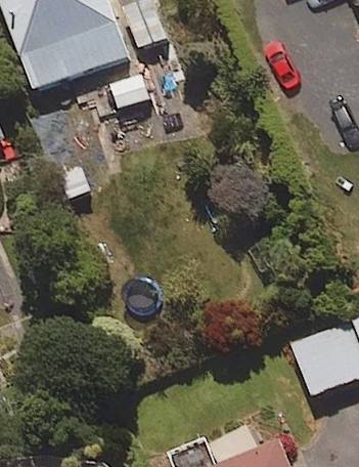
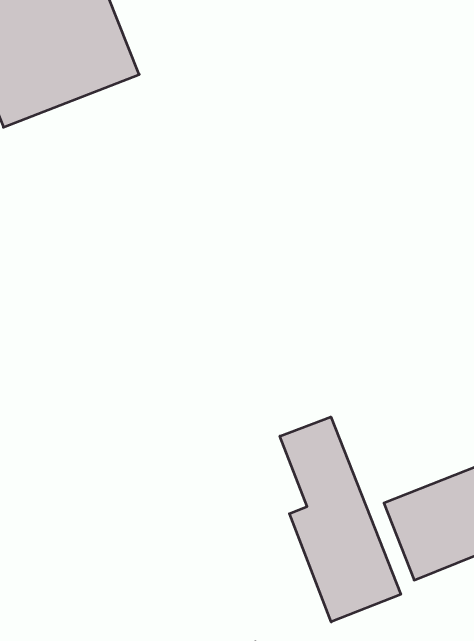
building: none -> [280,417,401,622]

